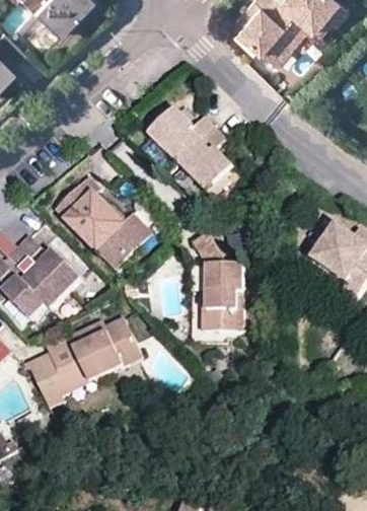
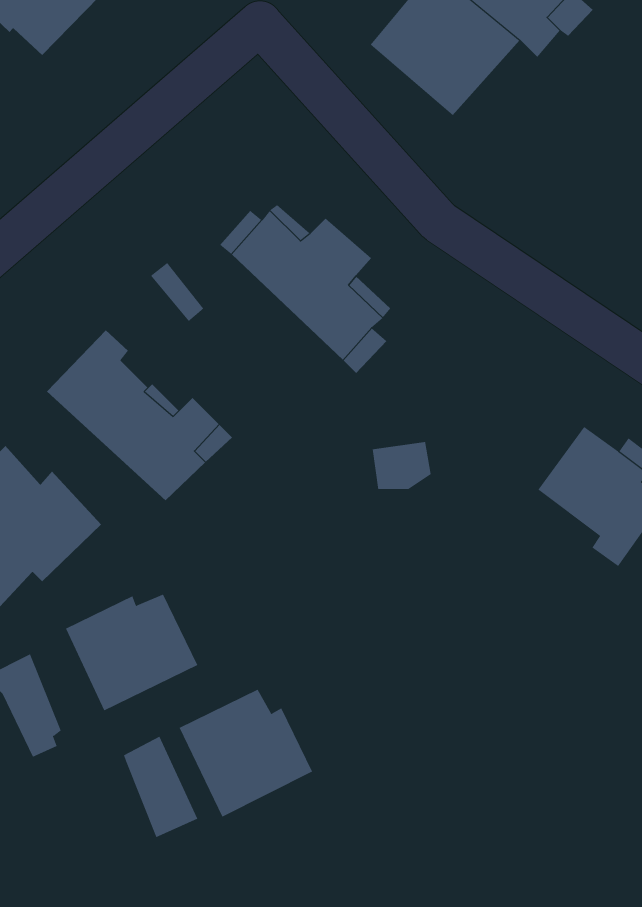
building: [195,232,255,335] -> none
building: [44,333,83,386] -> [123,736,198,838]
building: none -> [179,689,313,818]

